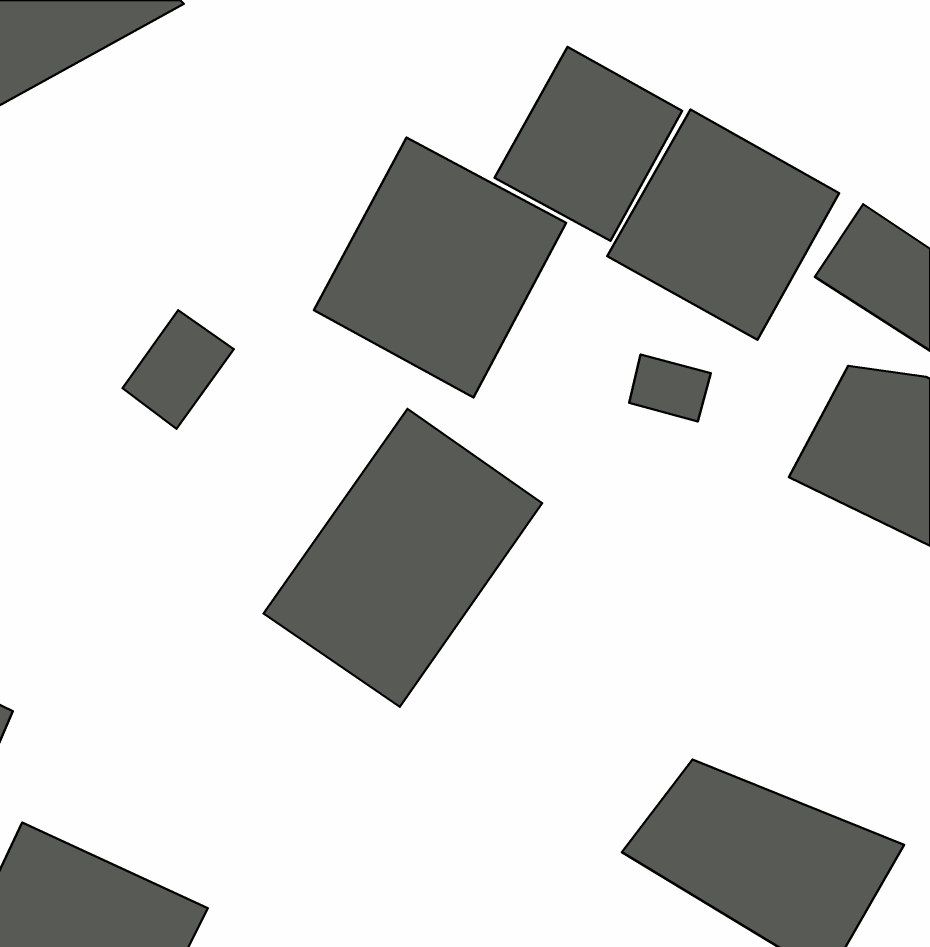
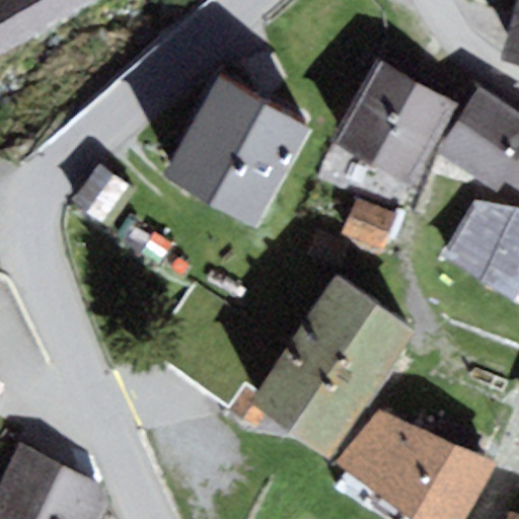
building: [495,47,682,241] -> none
building: [263,409,542,707] -> none
building: none -> [254,274,418,449]

